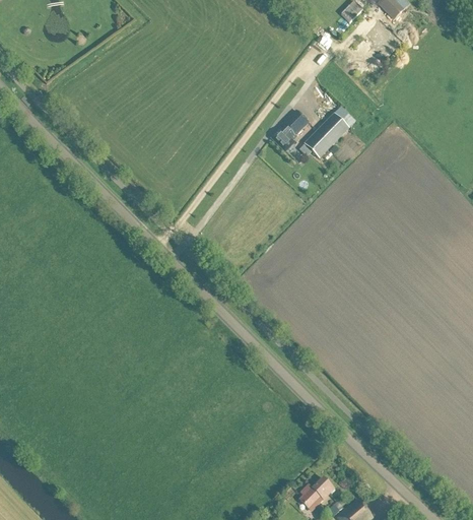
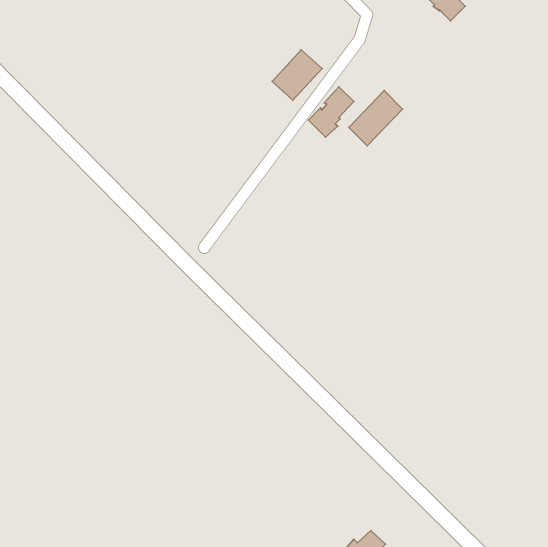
building: none -> [272,50,322,100]

